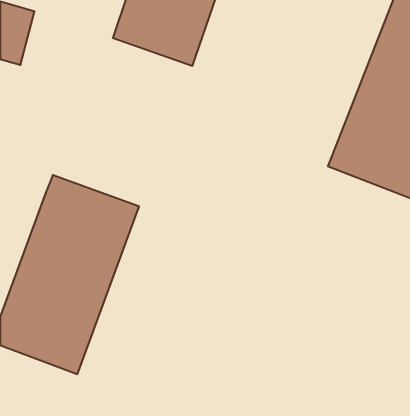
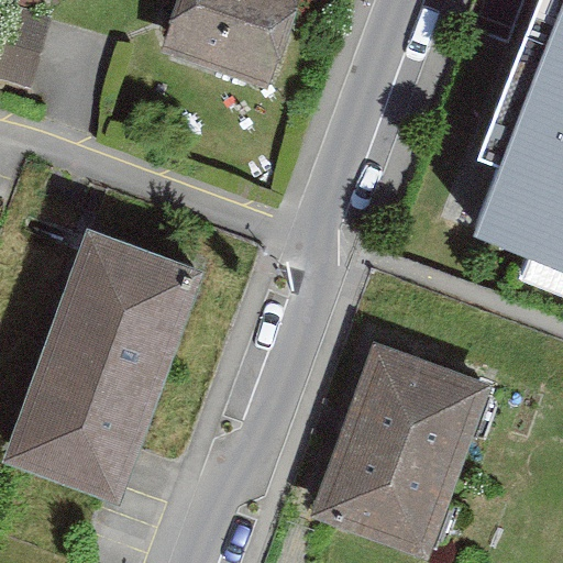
building: none -> [319,346,485,549]

